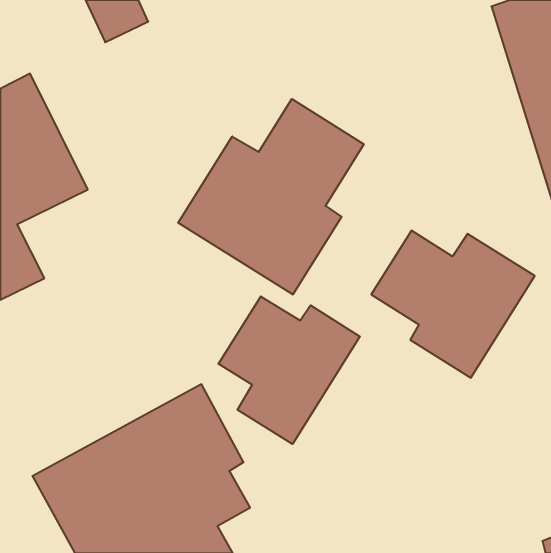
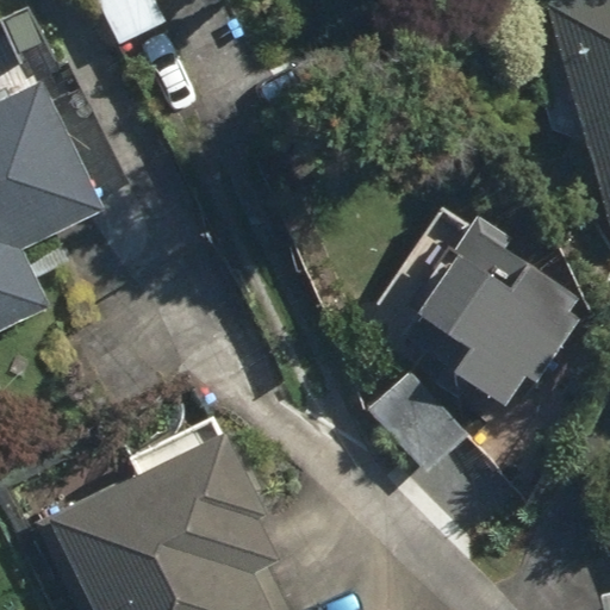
building: [178,99,364,295] -> none
building: [218,296,360,444] -> none

